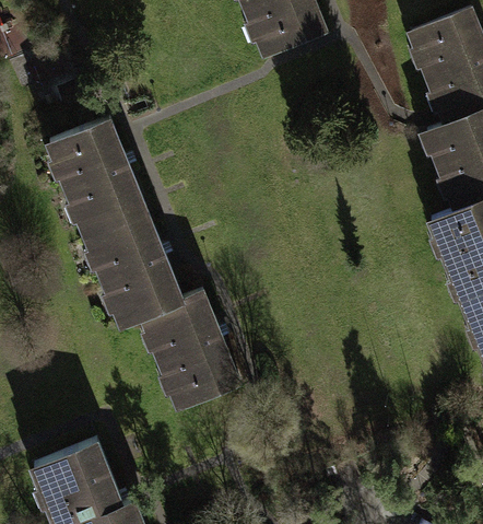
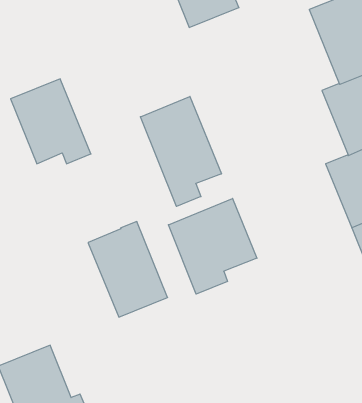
building: none -> [140,96,221,206]
building: [80,209,181,327] -> none
building: none -> [168,198,257,294]

